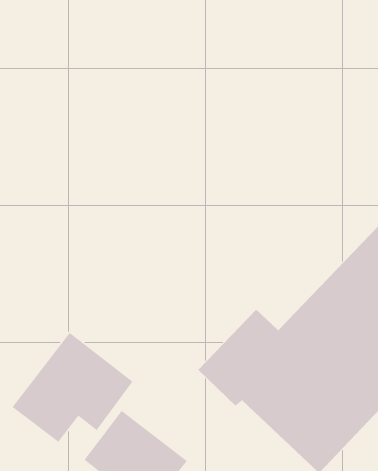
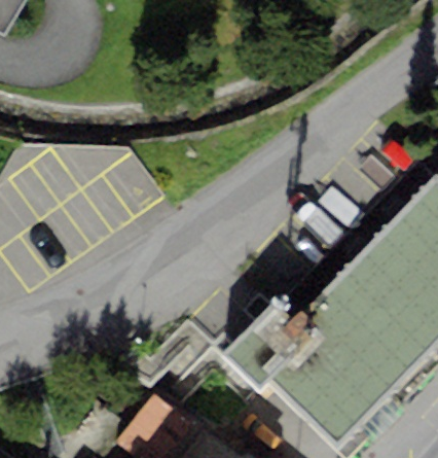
building: [11,332,134,443] -> none

